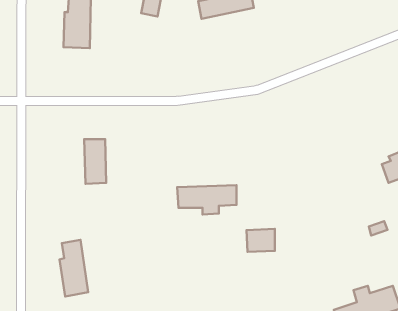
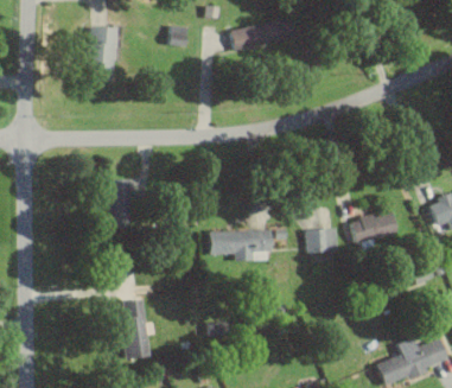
building: none -> [351,211,397,243]
building: [246,229,275,252] -> [307,228,338,253]
building: [60,240,88,297] -> [120,298,151,360]

